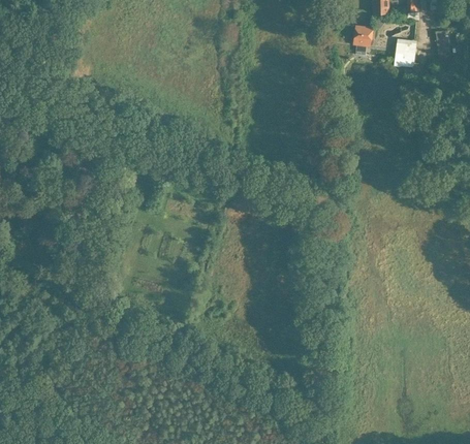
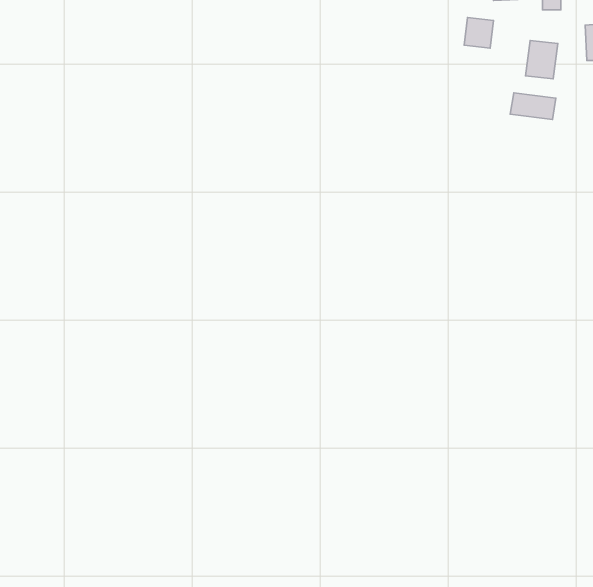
building: none -> [510,93,556,120]

